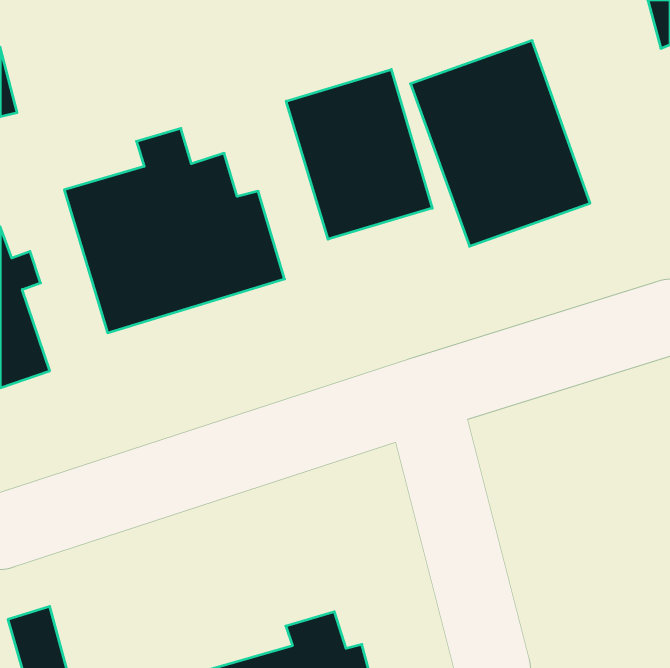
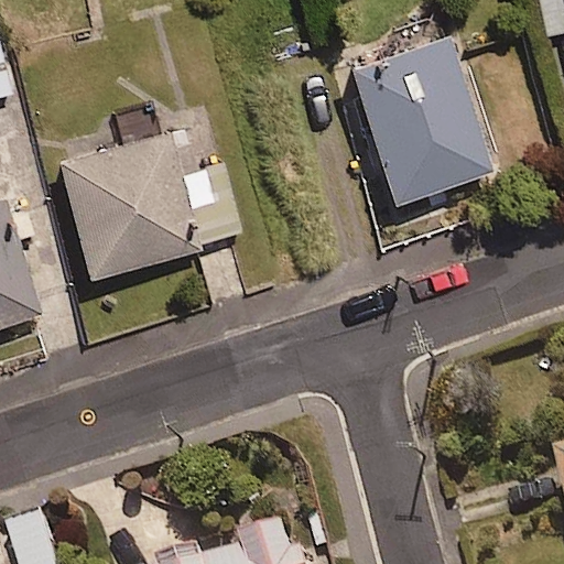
building: [286,69,432,239] -> none

